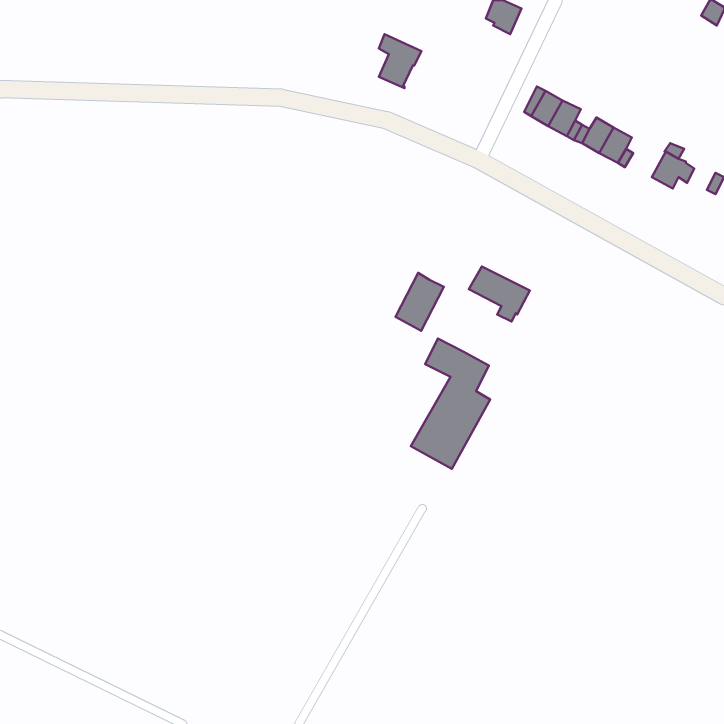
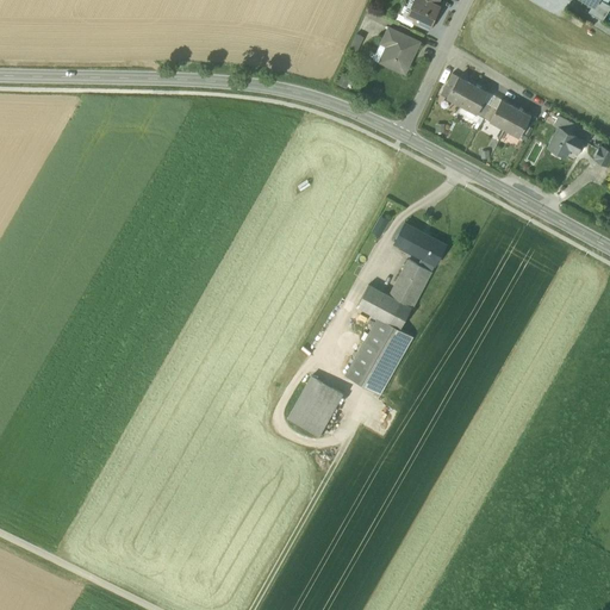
building: [379,34,421,88] -> [384,27,419,73]
building: [396,273,444,331] -> [390,259,430,307]
building: none -> [287,375,343,436]

